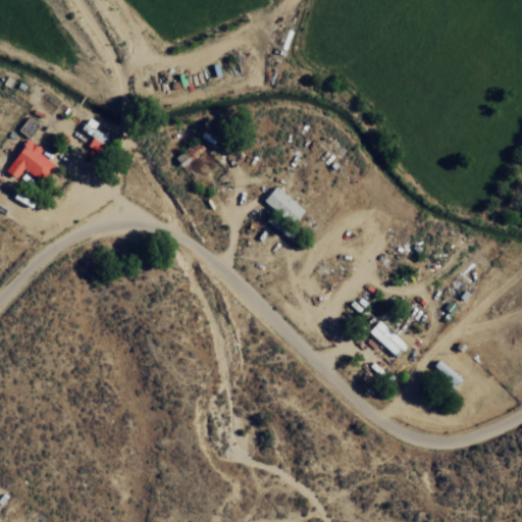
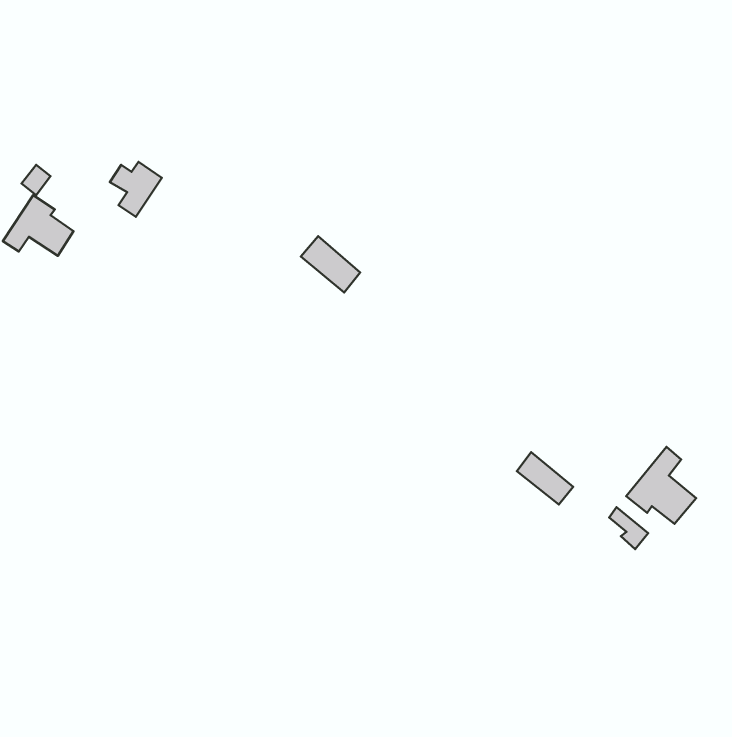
building: [264,186,306,225] -> [301,236,360,293]
building: none -> [626,447,696,524]

